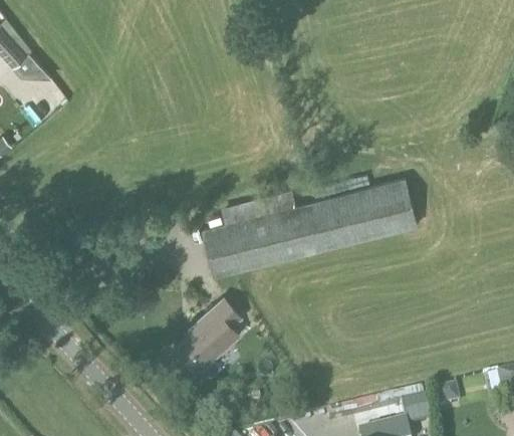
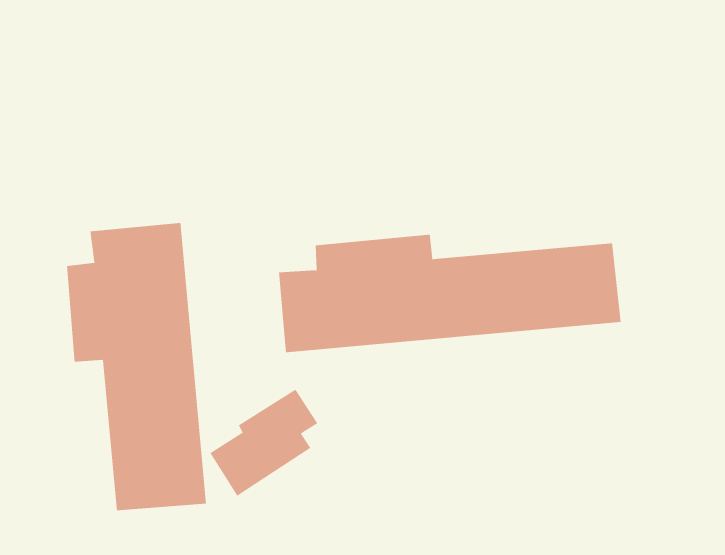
building: none -> [66,222,207,511]

